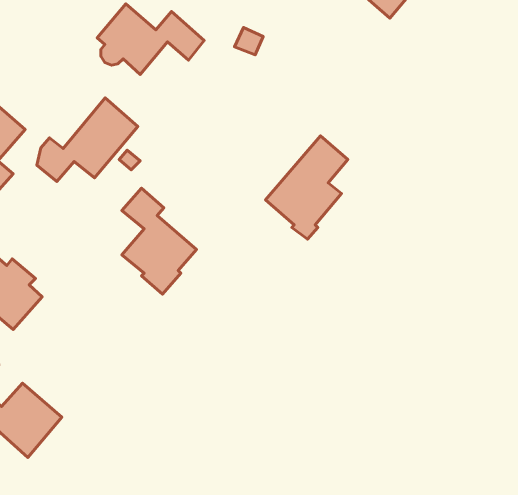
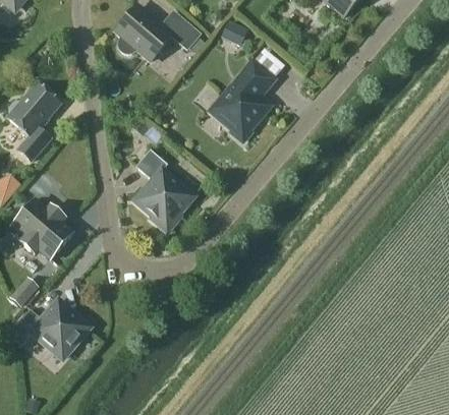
building: [37,98,138,182] -> none
building: [266,136,348,239] -> [211,60,275,140]

